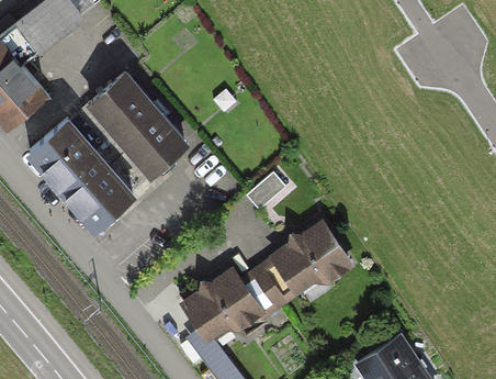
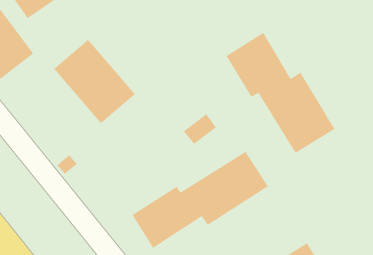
building: none -> [226,32,336,154]
building: [29,114,137,226] -> none

